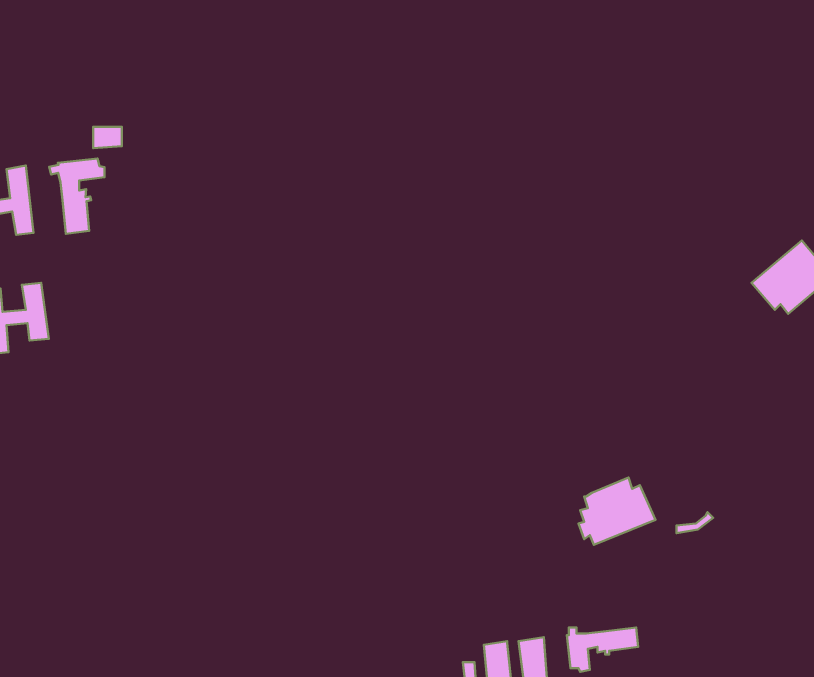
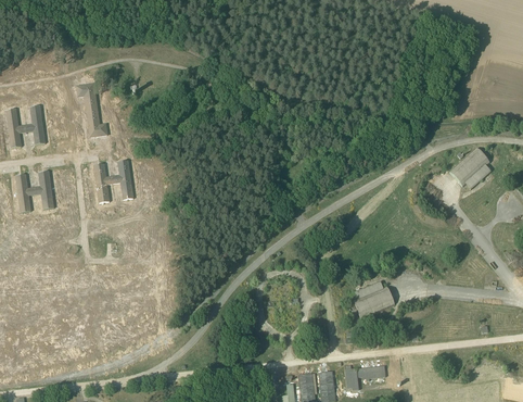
building: [49,159,105,234] -> none
building: none -> [109,161,132,197]

